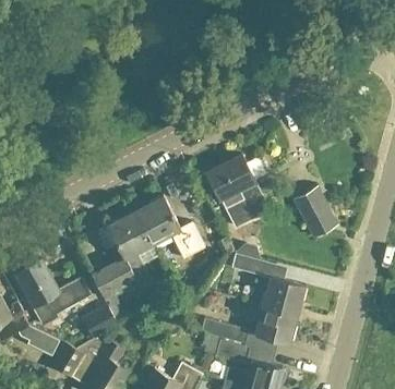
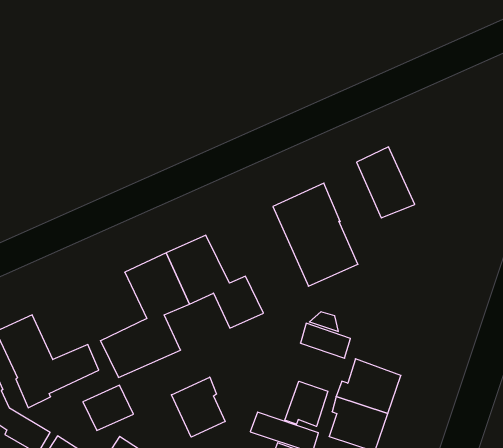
building: [295,186,337,236] -> [357,147,415,218]
building: none -> [285,381,328,426]
building: none -> [171,377,225,437]

